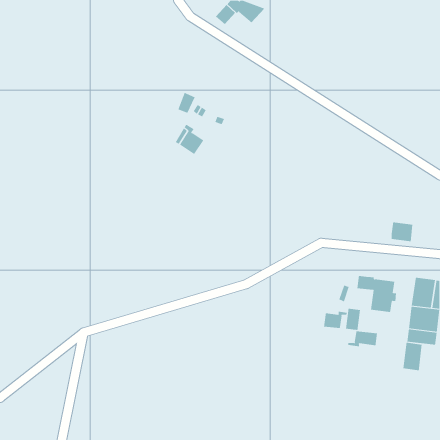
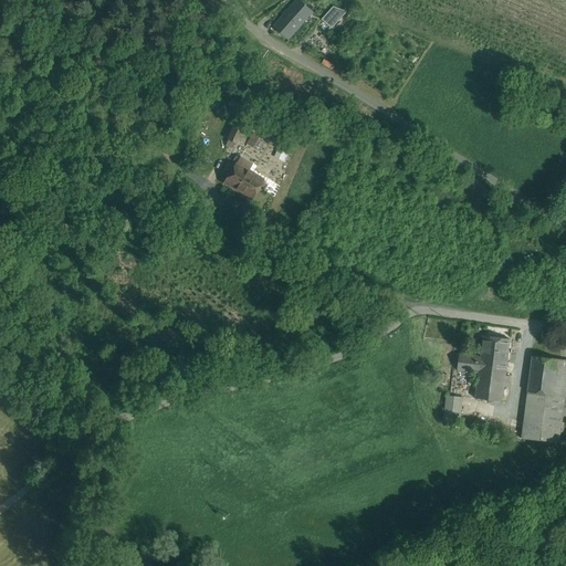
building: [391,222,413,242] -> [481,336,510,361]
building: [324,311,347,329] -> none
building: [348,330,377,347] -> none
building: [403,342,422,371] -> none

